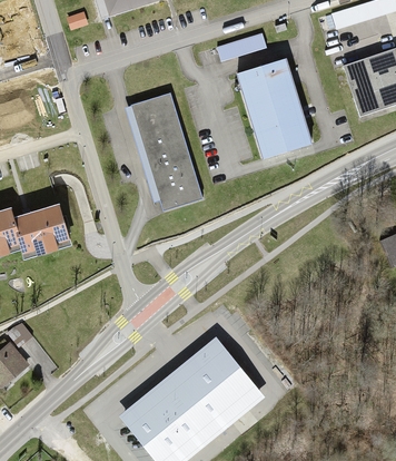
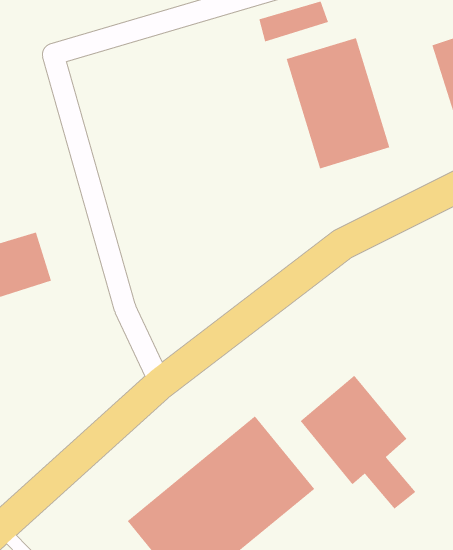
building: [126,94,205,214] -> none
building: none -> [300,375,416,510]

